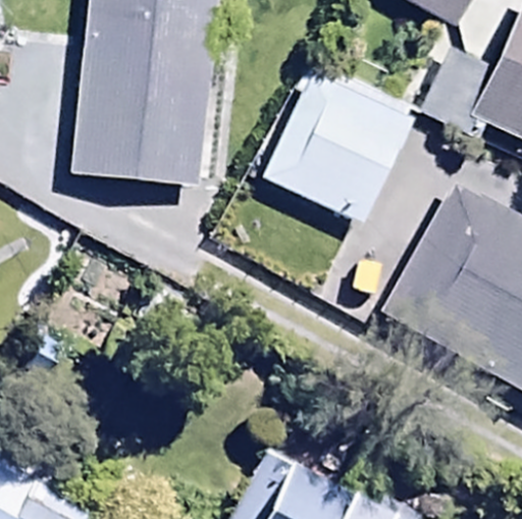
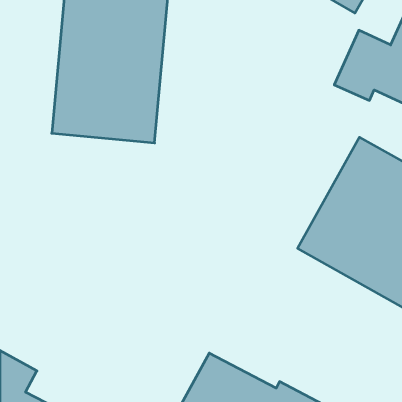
building: [261,60,419,227] -> none

